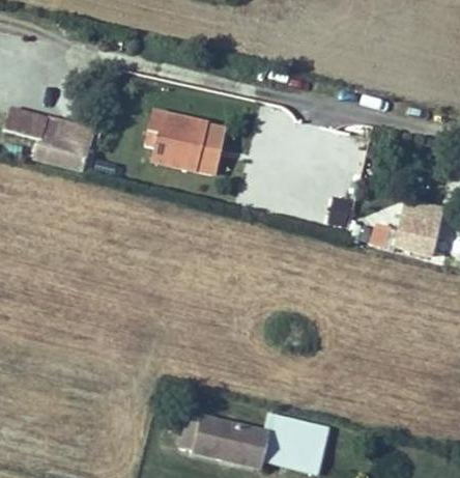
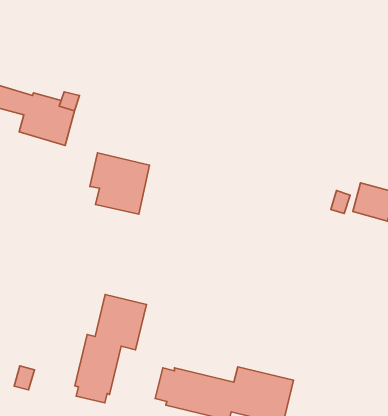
building: [147,107,211,173] -> [90,153,149,214]
building: none -> [75,295,146,403]

